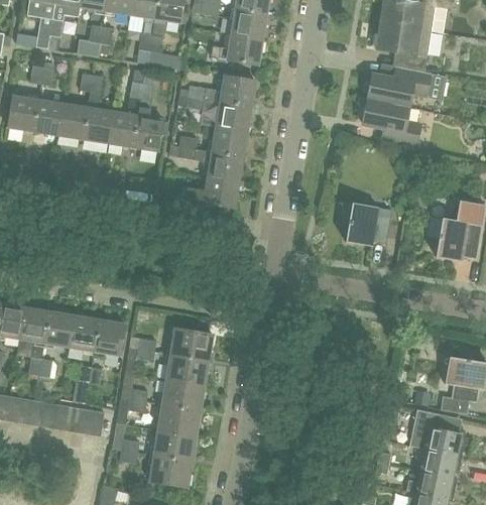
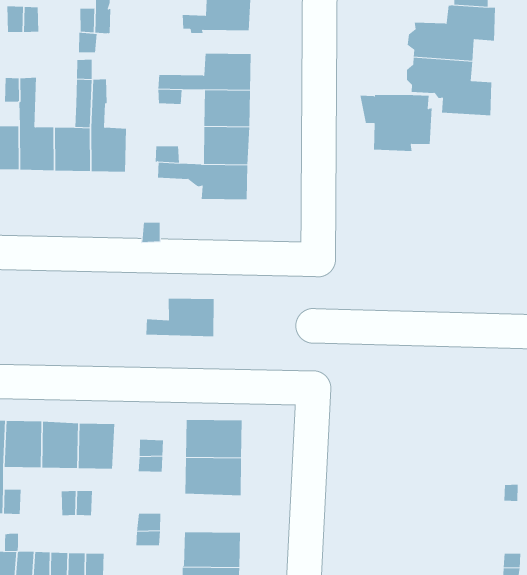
building: [187,176,238,208] -> [146,298,215,337]
building: [341,202,390,246] -> [360,95,433,152]
building: [161,379,205,411] -> none

